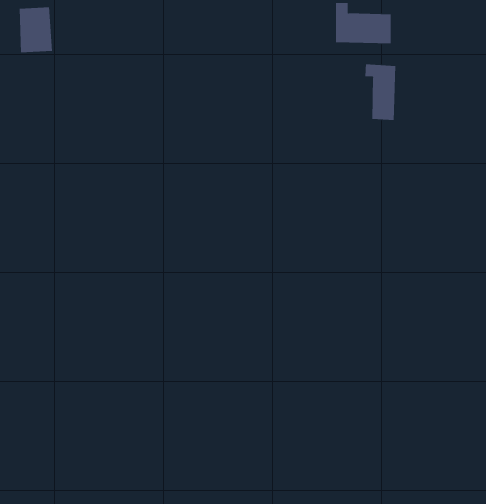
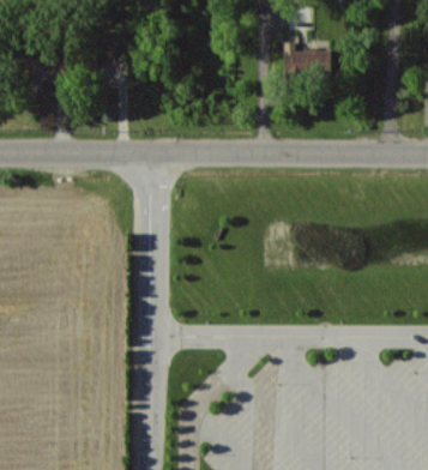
building: [365,64,396,121] -> none

